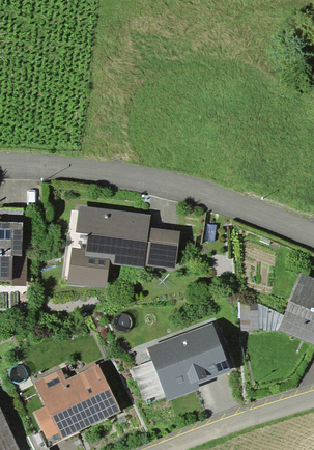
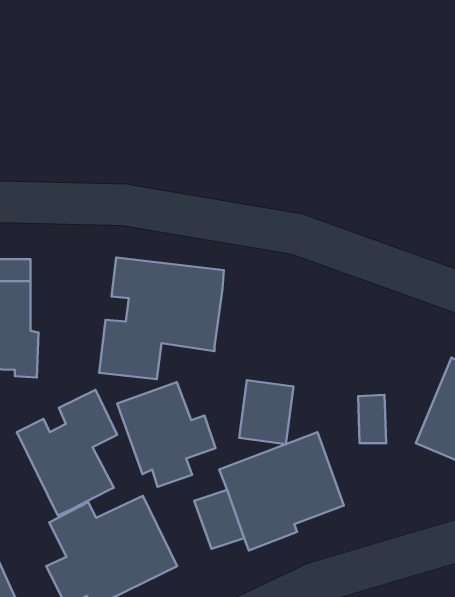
building: [144,227,180,270] -> [239,380,294,444]
building: none -> [117,382,215,487]
building: none -> [17,390,117,515]

